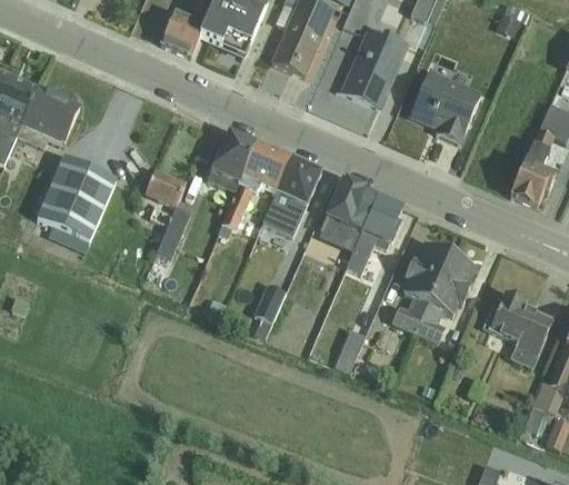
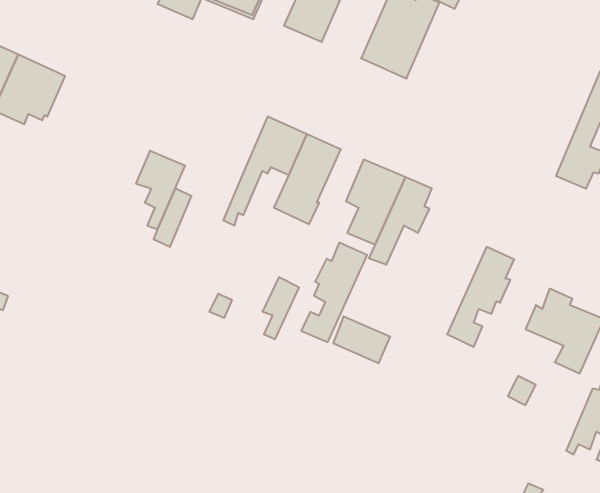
building: [411,68,481,142] -> none
building: [207,129,257,190] -> none
building: [37,156,116,251] -> none
building: [391,245,449,333] -> [301,242,367,342]

